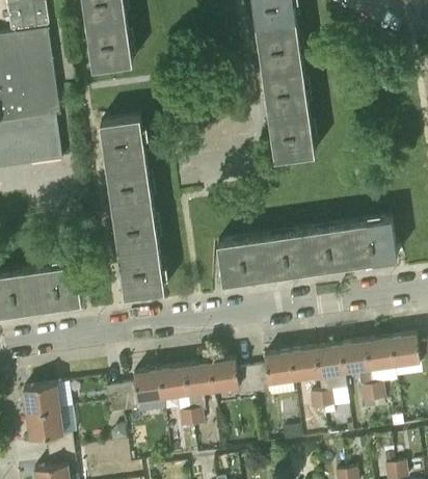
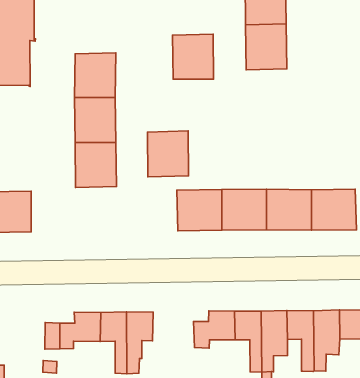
building: [268,111,314,160] -> [172,34,214,79]
building: [117,247,163,297] -> [147,131,189,177]
building: [209,361,253,396] -> none

